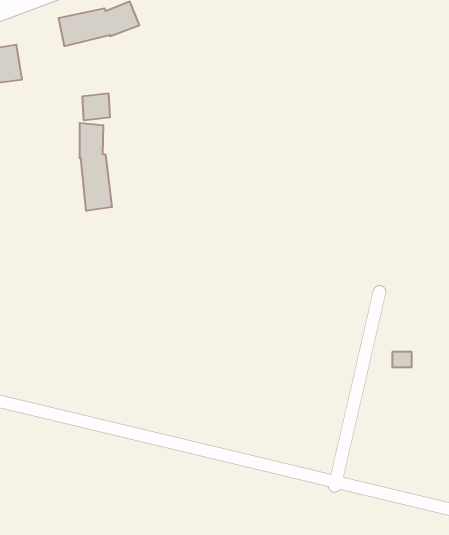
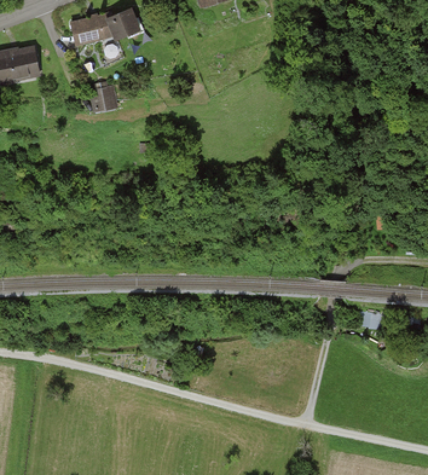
building: [80,123,112,211] -> none

